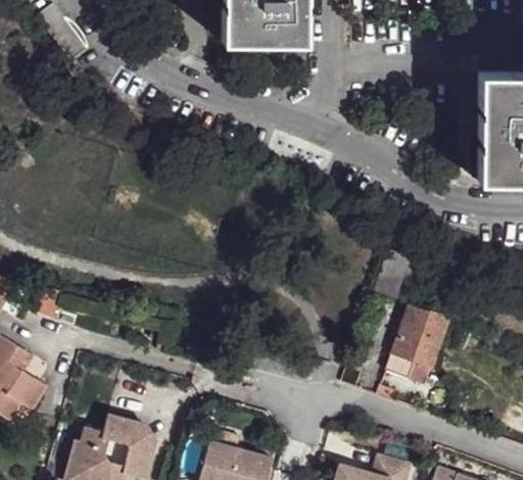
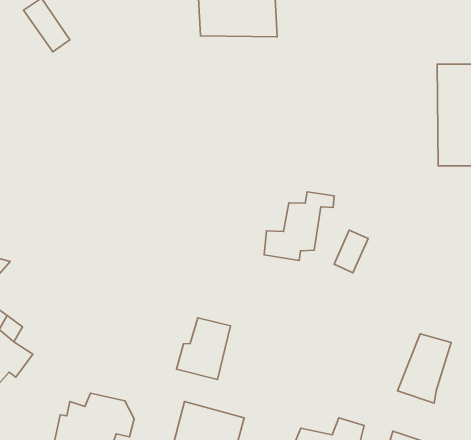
building: none -> [264,192,334,260]
building: [386,307,444,382] -> [397,334,451,403]
building: none -> [176,318,230,380]

